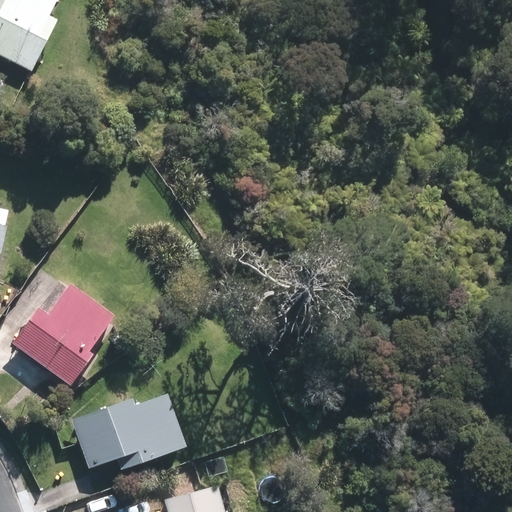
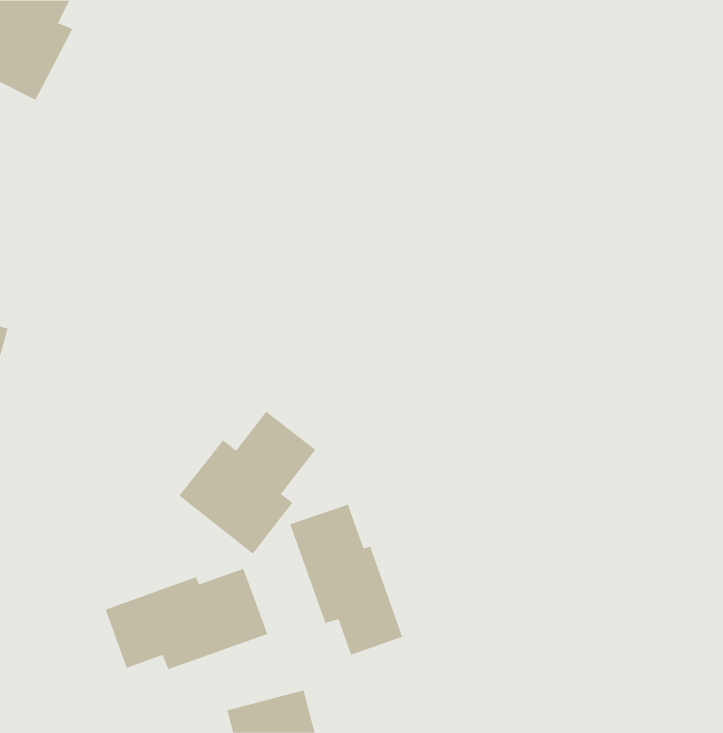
building: [17,286,113,386] -> [178,411,316,554]
building: none -> [289,504,403,655]

